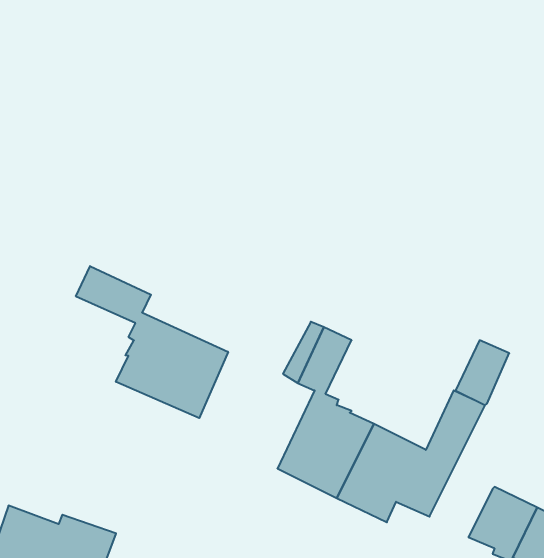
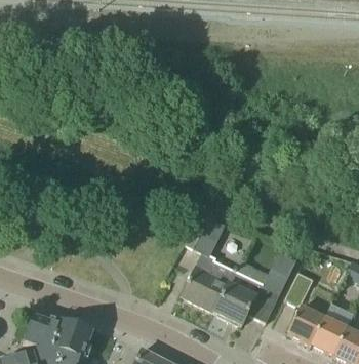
building: [76,266,228,418] -> none
building: [455,340,509,405] -> [285,271,315,307]

